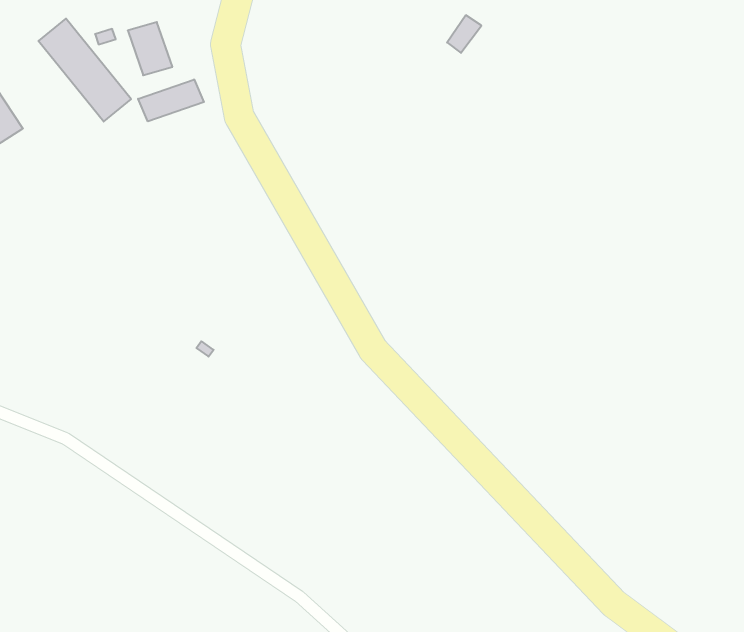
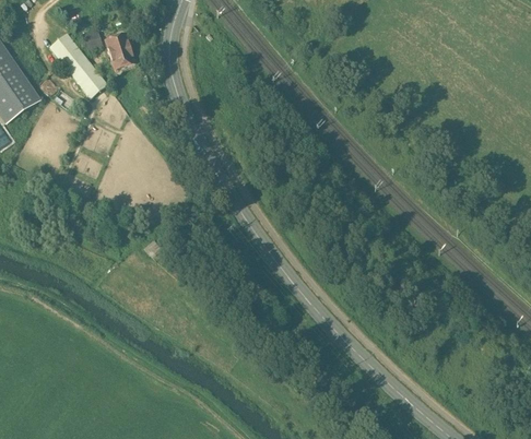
building: [138,79,204,121] -> none

